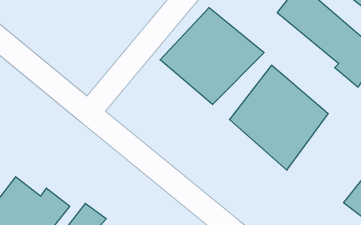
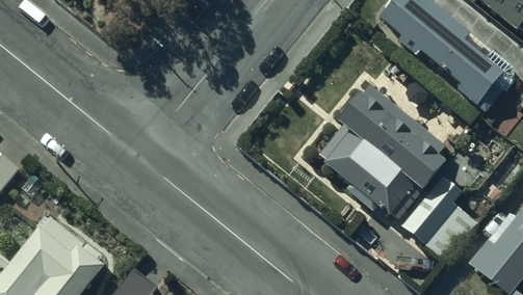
building: [160,7,264,105] -> none
building: none -> [401,167,479,254]

